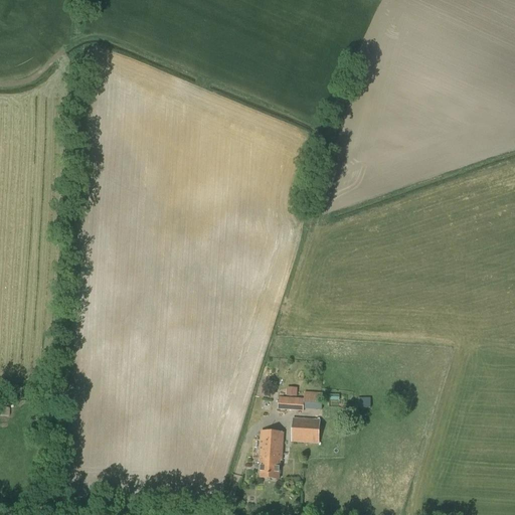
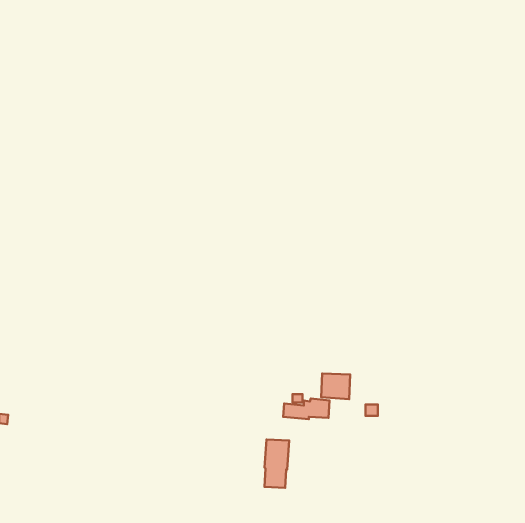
building: [291,416,319,442] -> [321,373,350,399]

